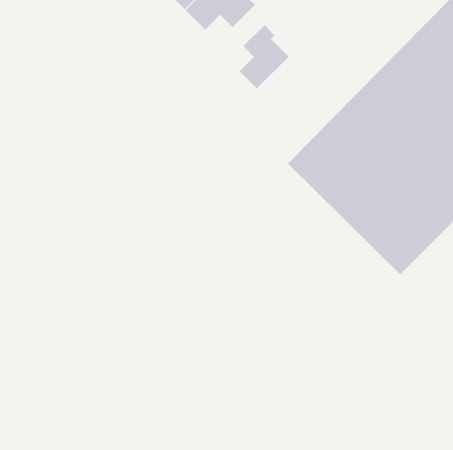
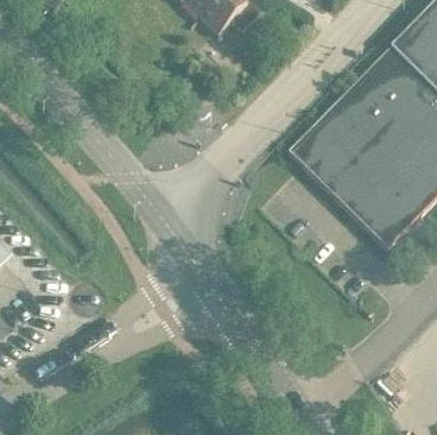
building: [239,24,289,89] -> none

